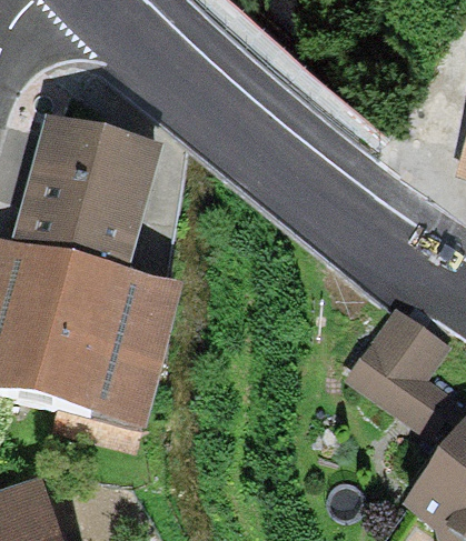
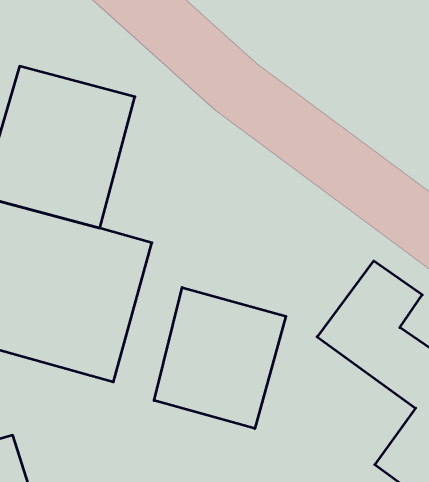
building: none -> [154,287,286,429]

